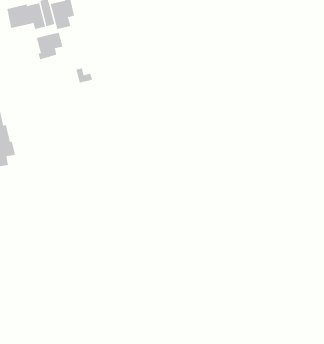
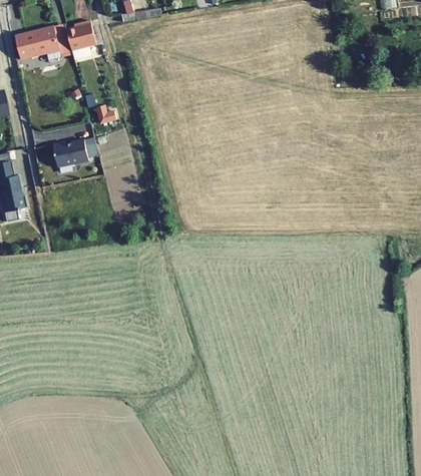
building: [36,32,63,60] -> none
building: none -> [51,138,87,166]

